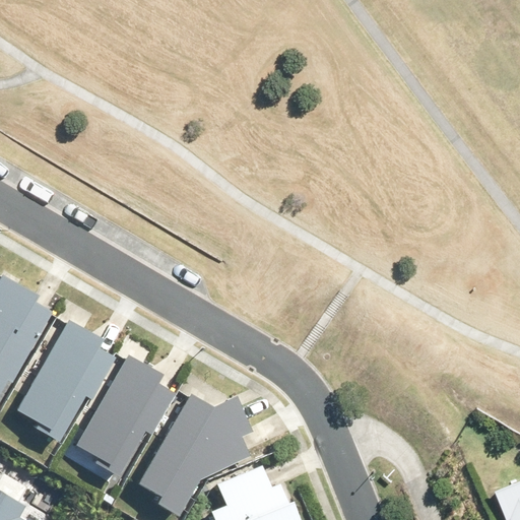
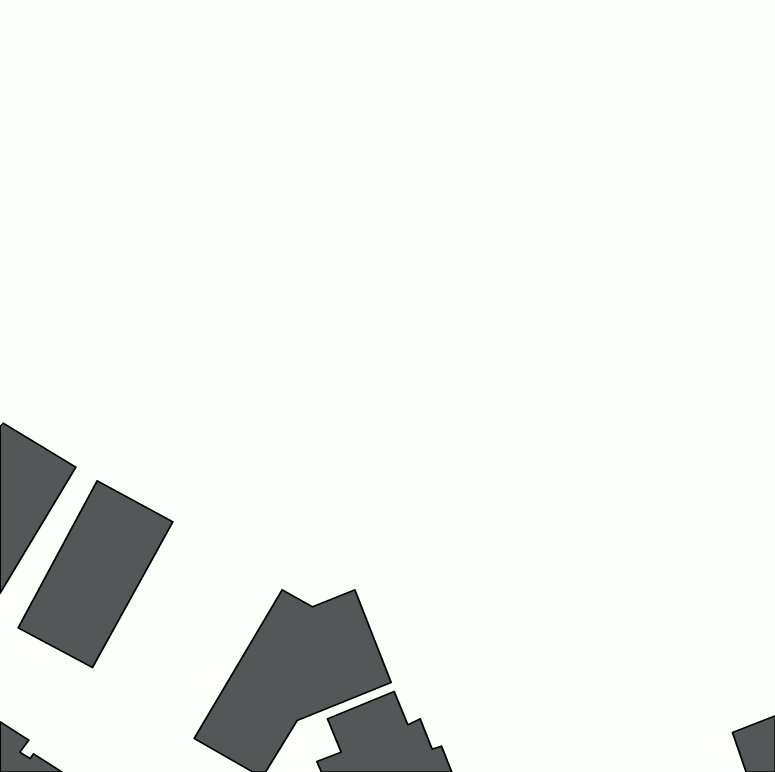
building: [68,358,173,481] -> none

